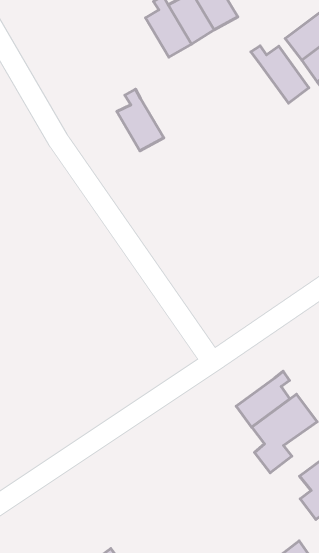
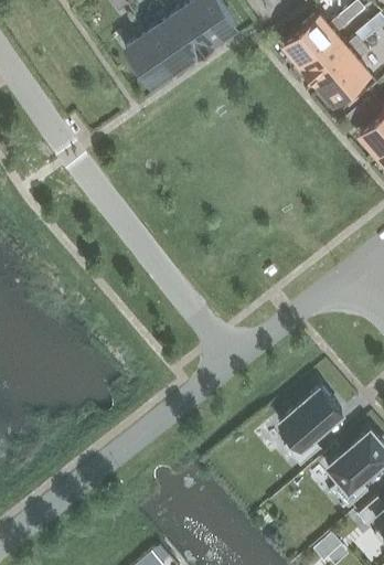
building: [251,46,309,103] -> none
building: [117,89,164,151] -> [125,25,172,85]
building: [236,371,290,427] -> none

